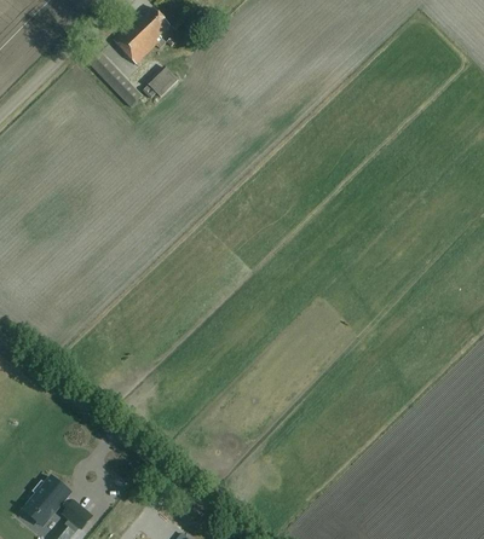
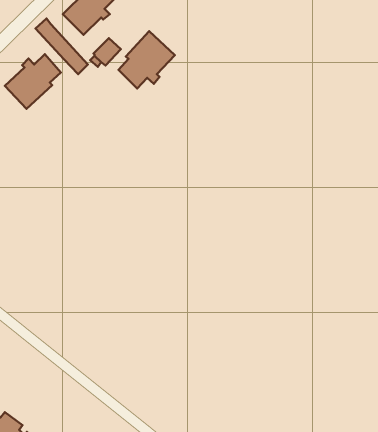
building: none -> [118,31,175,89]
building: none -> [5,54,61,109]

